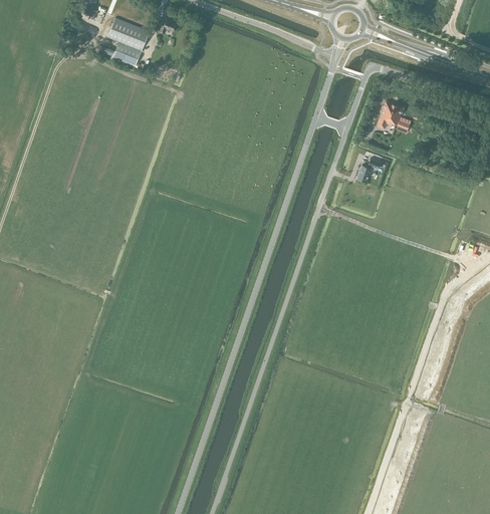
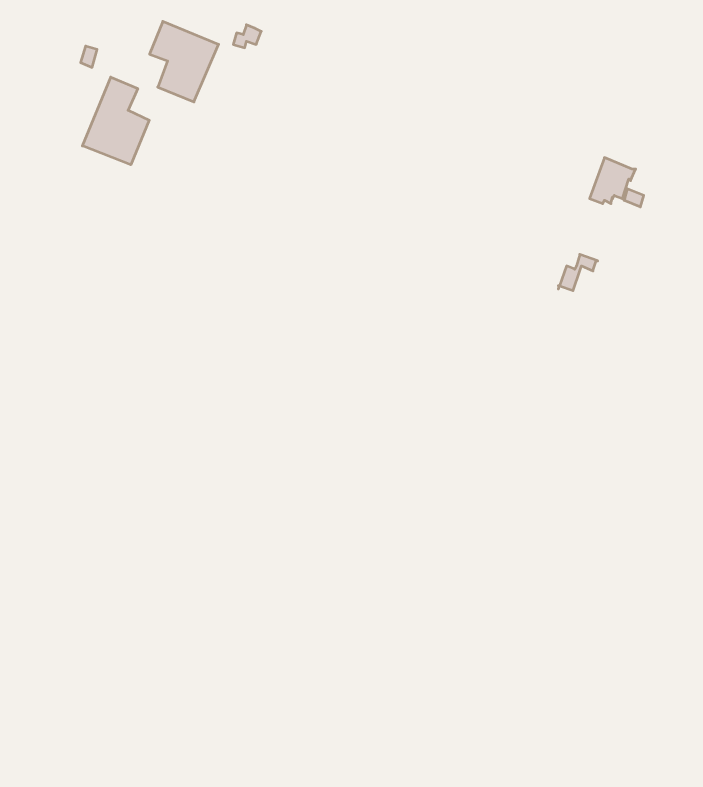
building: none -> [82,77,149,165]

